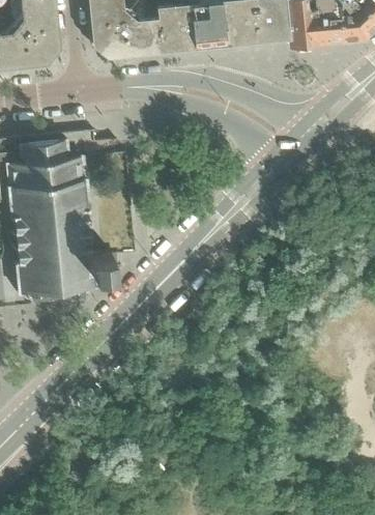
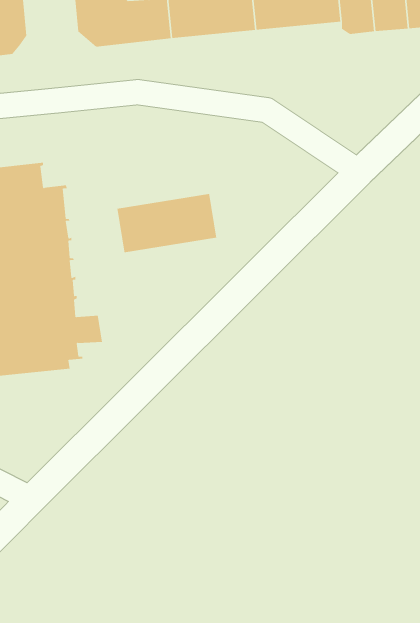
building: none -> [117,193,217,253]

